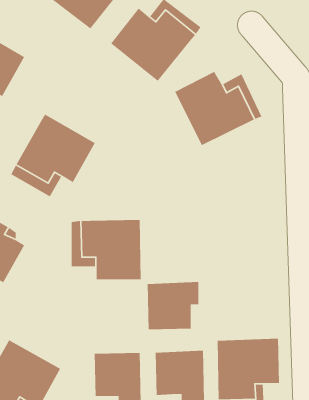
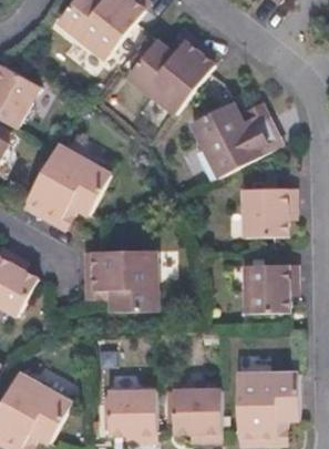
building: none -> [240,188,294,238]
building: [147,281,199,330] -> [241,265,295,315]

